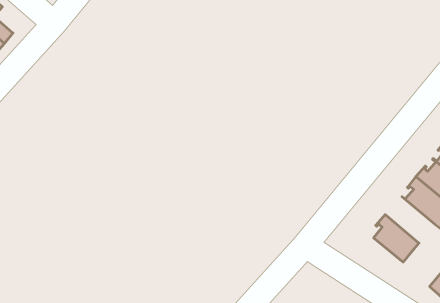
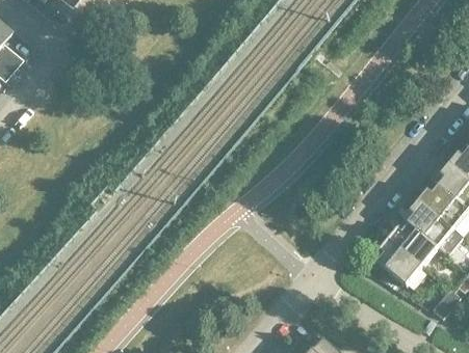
building: none -> [388,220,437,266]

